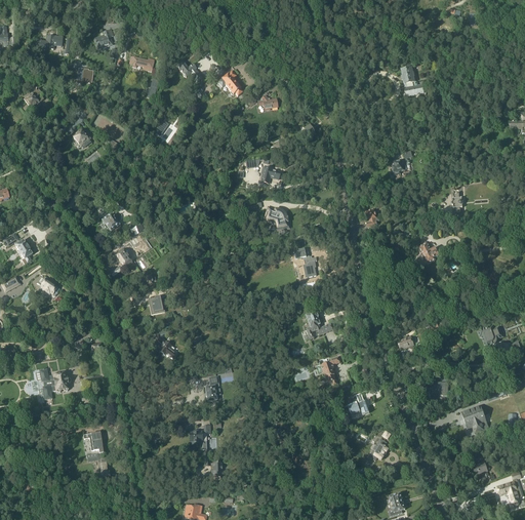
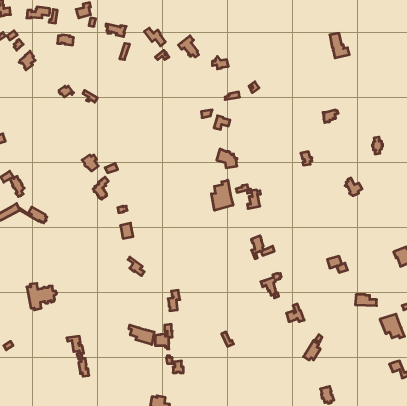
building: none -> [211,180,233,210]
building: none -> [129,325,154,345]

